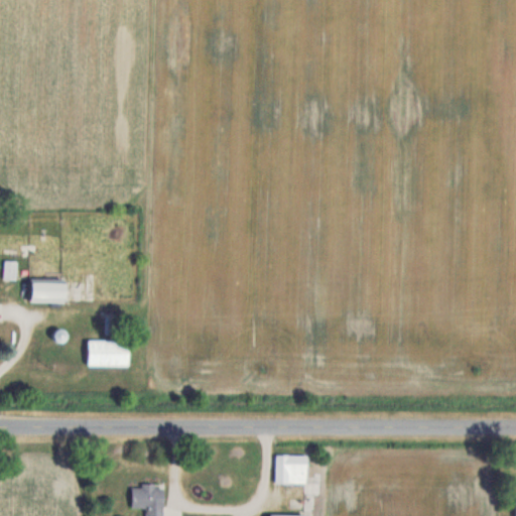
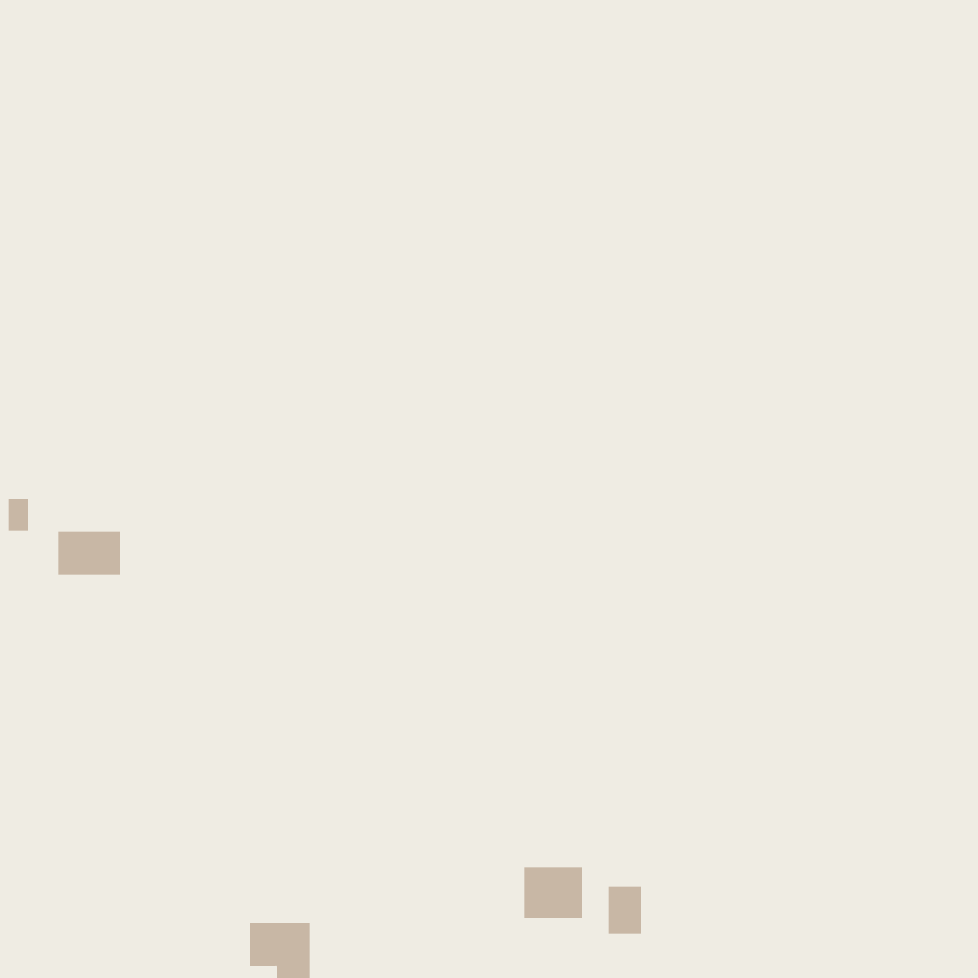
building: [89,341,128,367] -> none
building: none -> [608,886,642,934]

